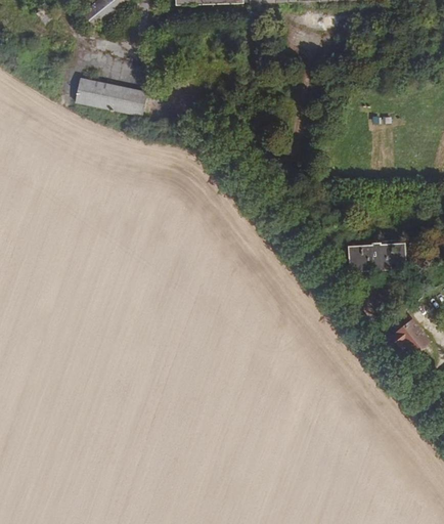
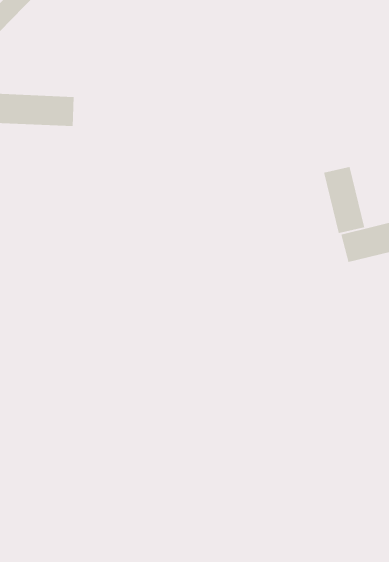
building: none -> [323,166,365,234]

